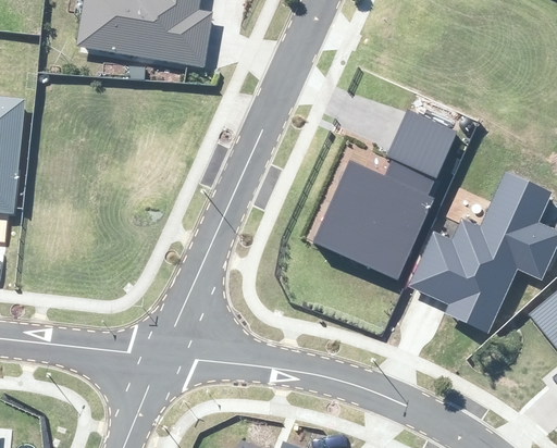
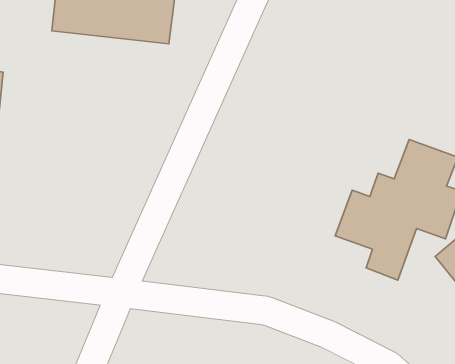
building: [312,110,456,279] -> none

